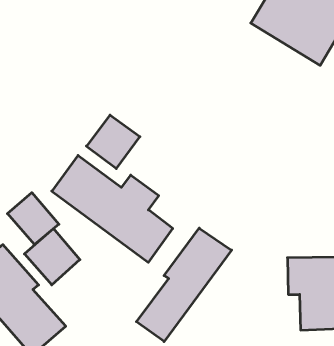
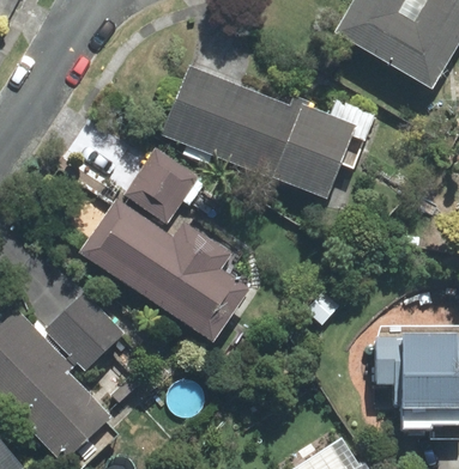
building: none -> [177,72,345,191]
building: [7,193,59,244] -> none
building: [136,228,232,342] -> none

